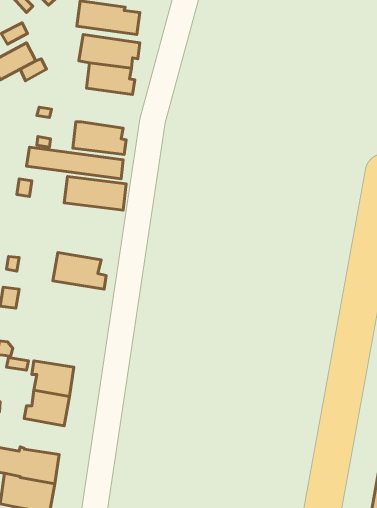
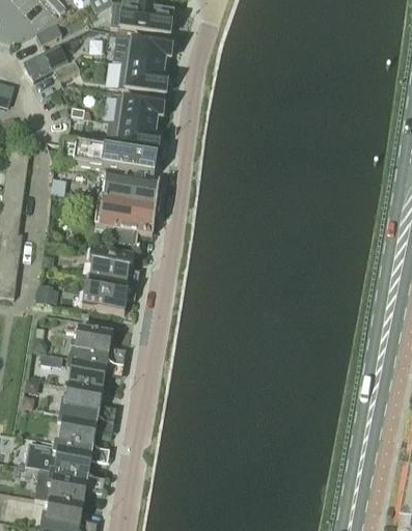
building: none -> [113,95,163,127]
building: none -> [93,200,155,244]
building: none -> [81,277,136,312]
building: none -> [66,328,111,362]
building: none -> [55,413,97,448]

